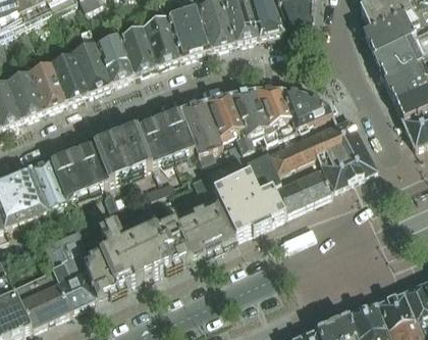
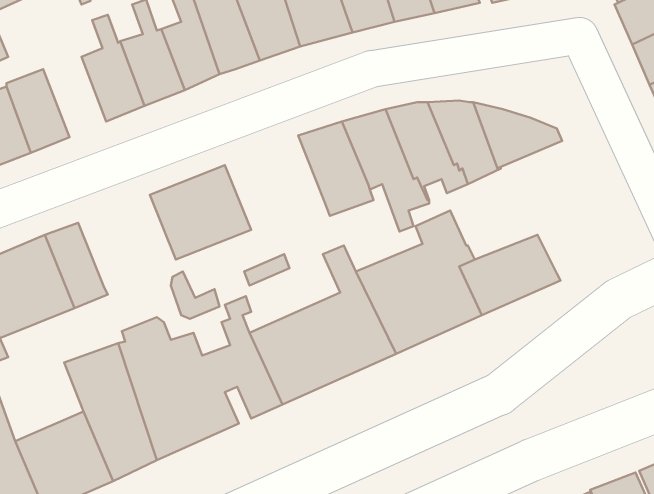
building: [31,62,67,109] -> none
building: [137,108,195,163] -> none
building: [268,116,377,187] -> none
building: [51,143,108,197] -> none

